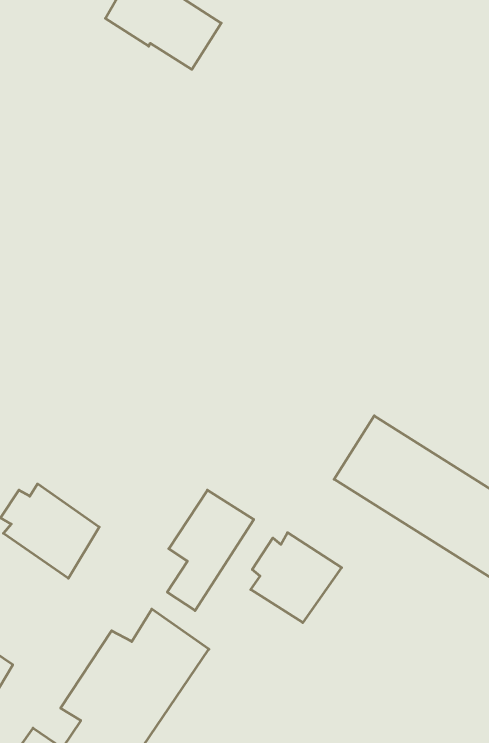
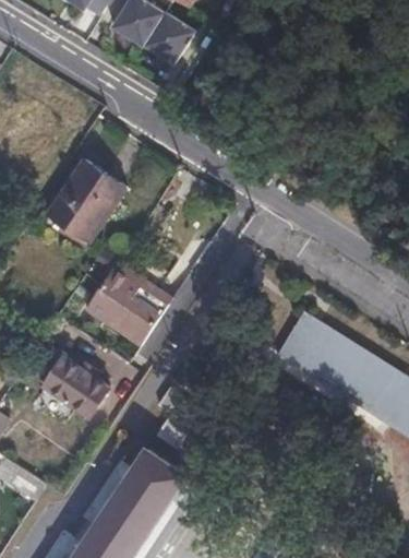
building: none -> [51,161,128,244]
building: none -> [88,268,168,346]
building: [251,533,342,623] -> none

